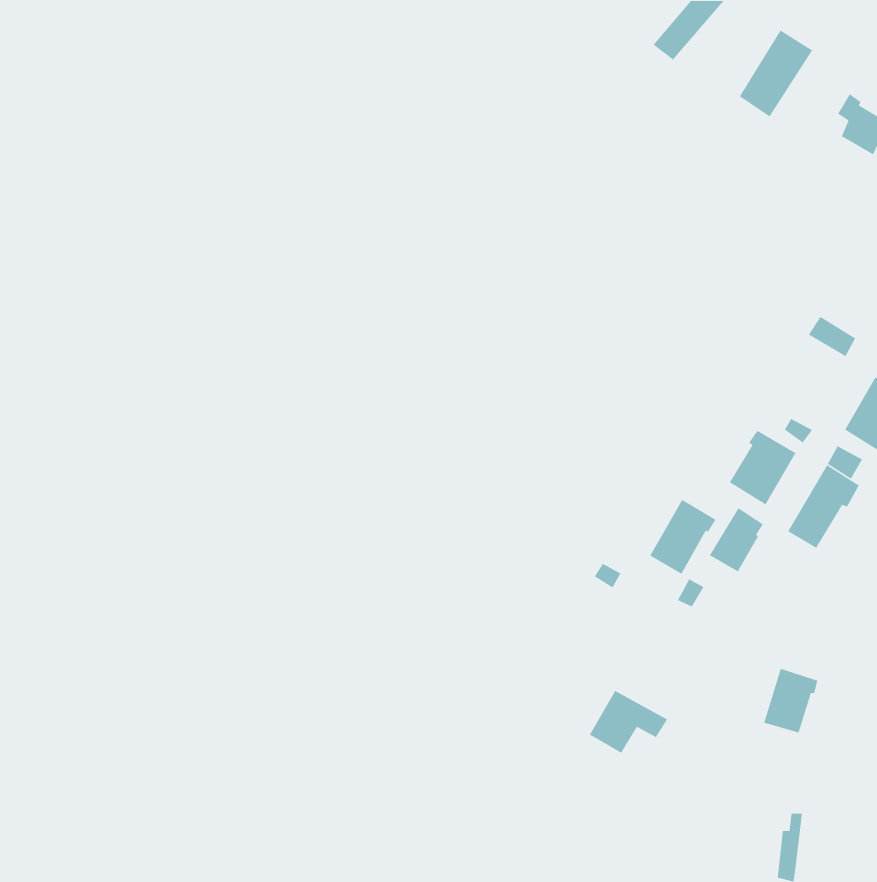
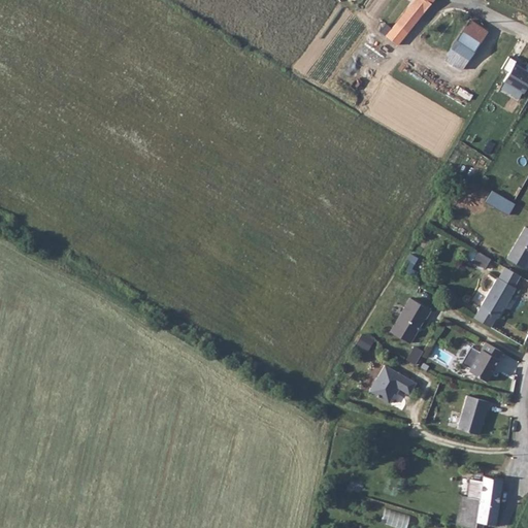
building: [729,430,797,505] -> none
building: [709,507,764,573] -> [470,343,503,383]
building: [589,690,668,754] -> [370,366,418,404]
building: none -> [478,474,501,522]

